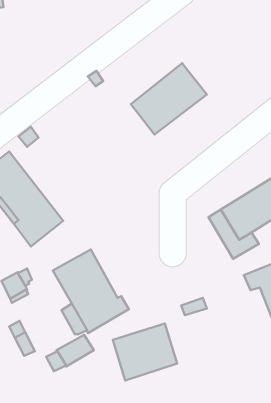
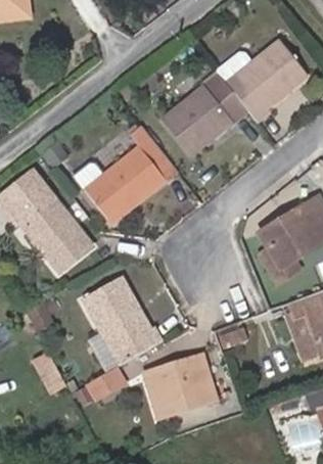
building: none -> [217,41,306,119]
building: none -> [86,127,177,221]

